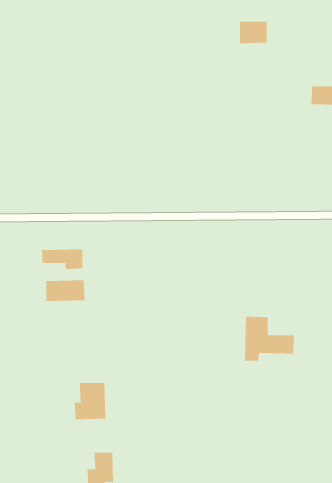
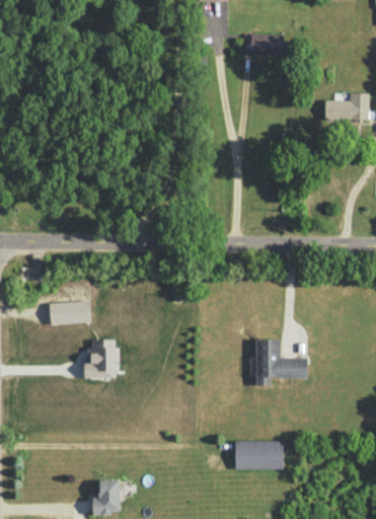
building: [41,248,83,270] -> none
building: [74,383,106,420] -> [84,341,118,379]
building: none -> [235,441,284,470]

